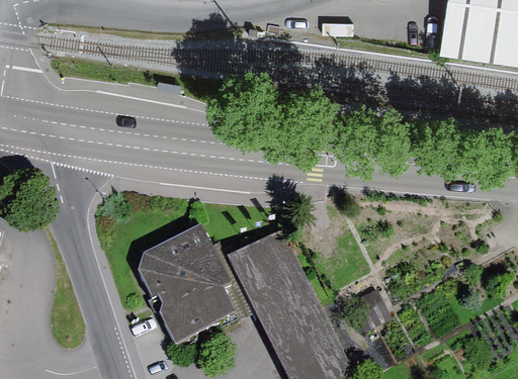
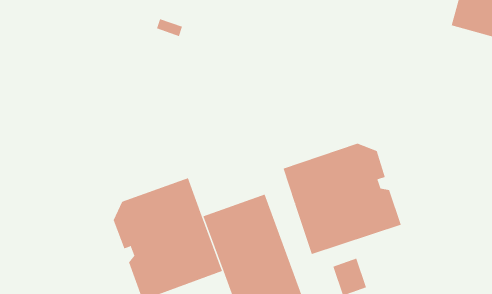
building: none -> [283,143,402,255]

